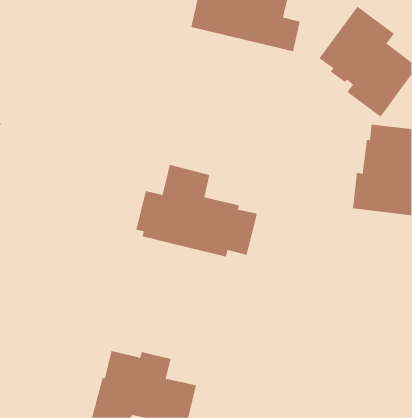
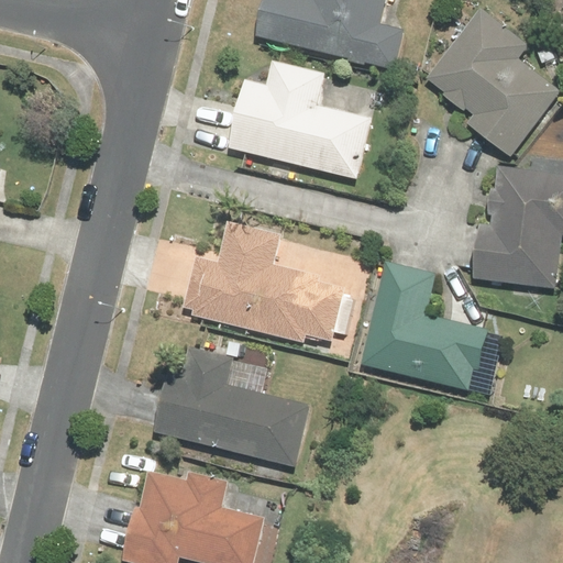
building: none -> [228,60,373,179]
building: none -> [361,261,490,390]
building: none -> [153,346,310,467]

